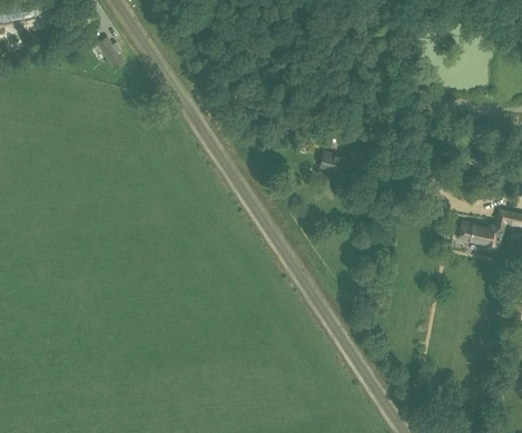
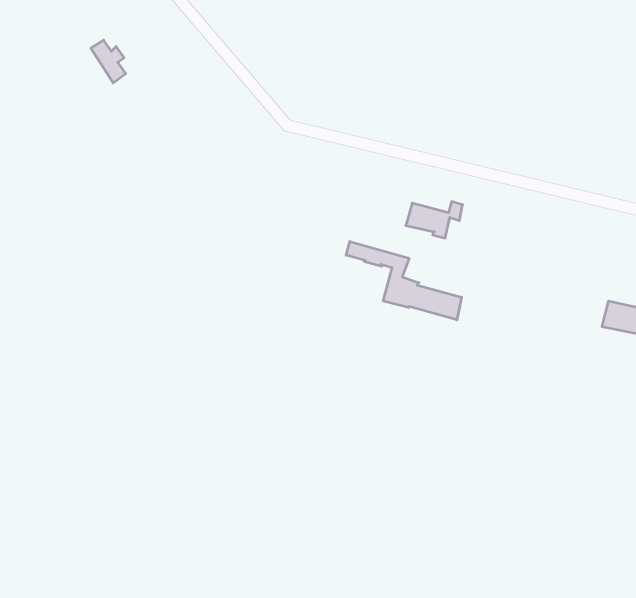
building: none -> [346,241,462,320]

